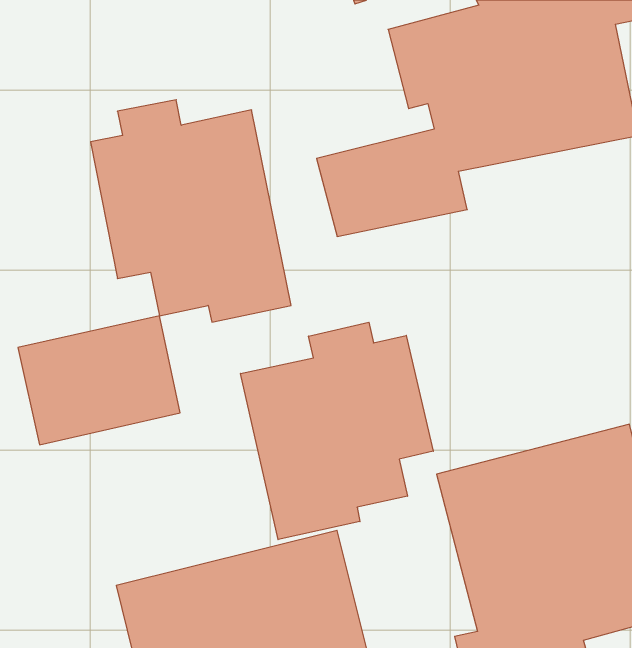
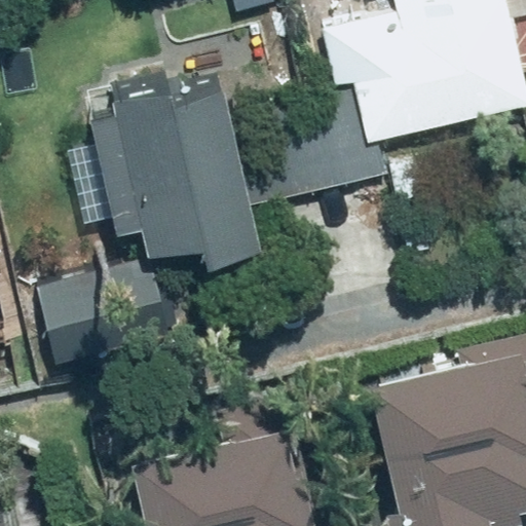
building: [241,322,433,540] -> none

